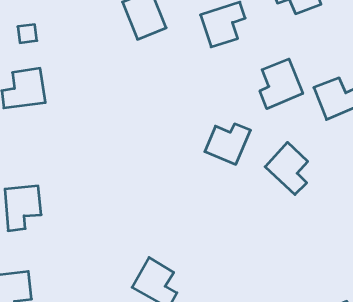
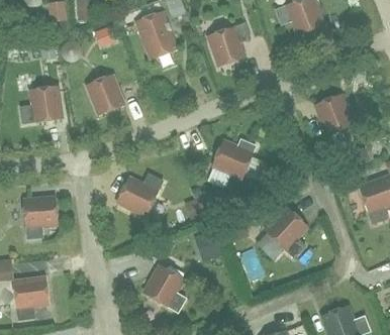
building: none -> [87,74,123,113]
building: [260,59,303,109] -> none
building: [265,142,308,195] -> [266,207,306,256]
building: none -> [116,173,163,214]

